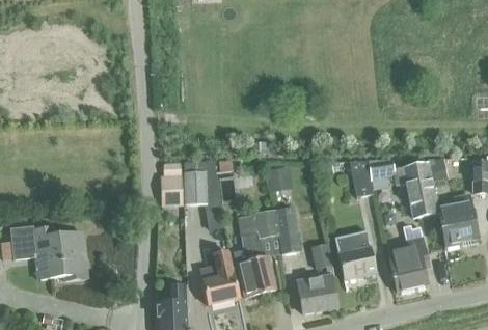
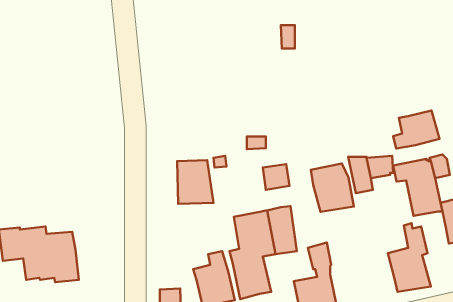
building: none -> [393,111,439,148]
building: [161,173,183,204] -> none
building: [336,231,378,278] -> [311,164,354,212]

